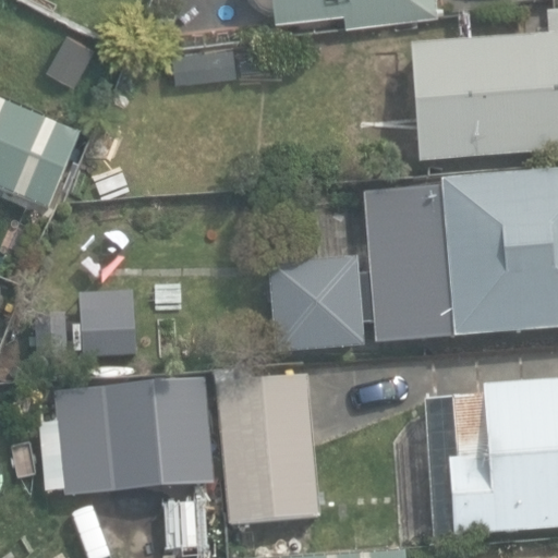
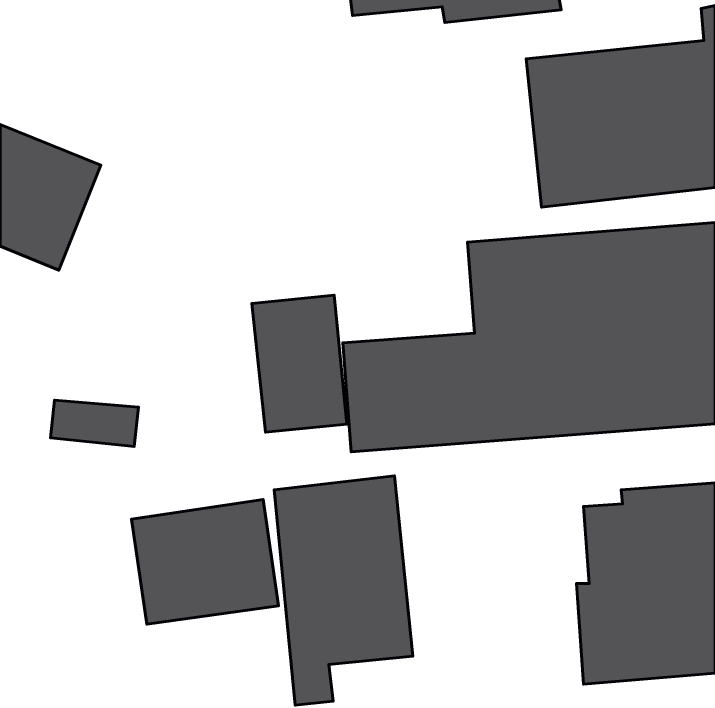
building: none -> [252,295,347,432]

